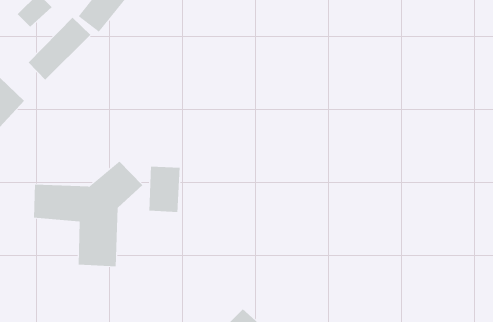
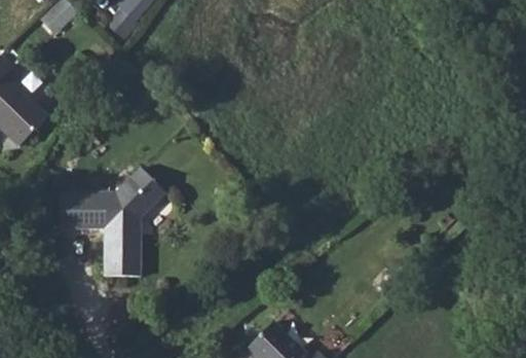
building: [28,17,91,81] -> none
building: [149,166,180,213] -> none

